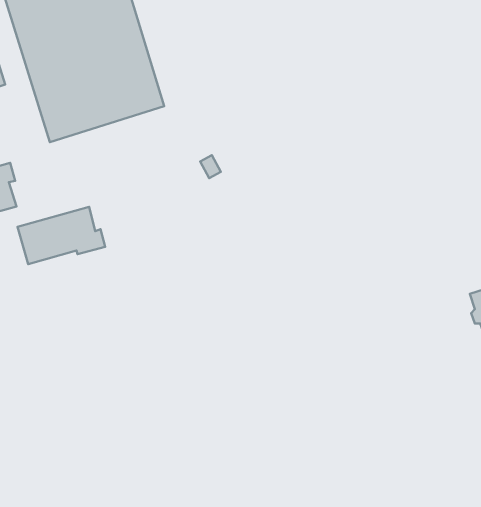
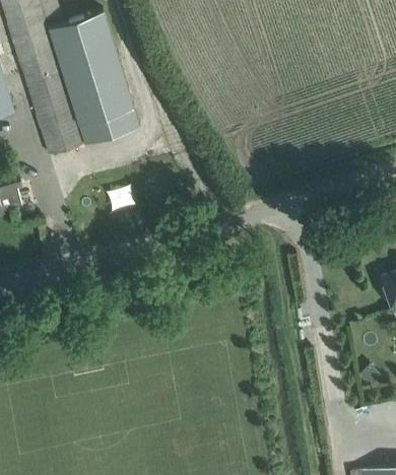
building: [18,207,105,264] -> none

